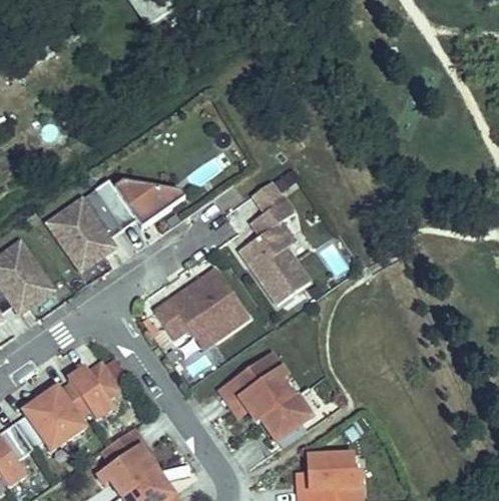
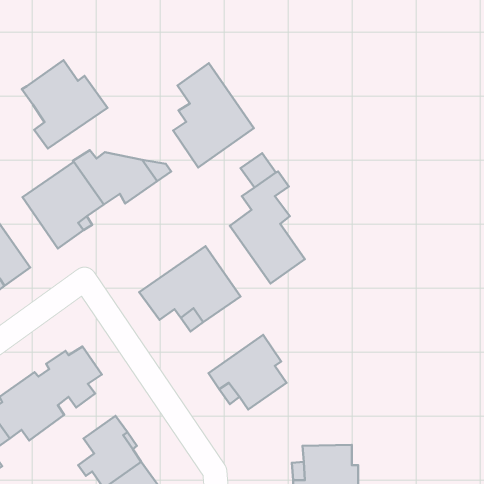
building: none -> [22,60,107,149]
building: none -> [173,63,254,167]
building: [261,395,312,442] -> none

